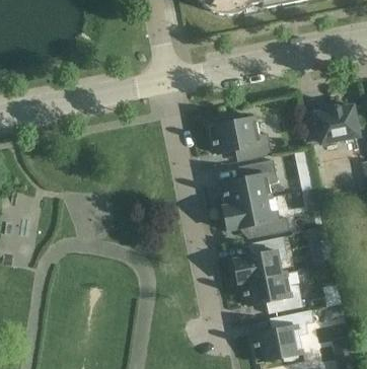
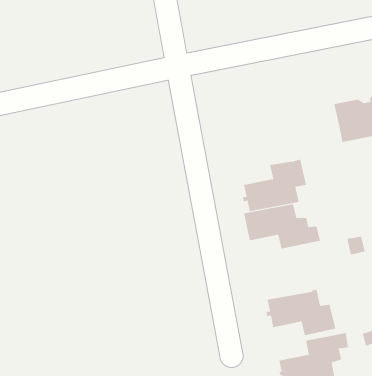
building: [212,114,272,160] -> none
building: [233,236,288,283] -> none

